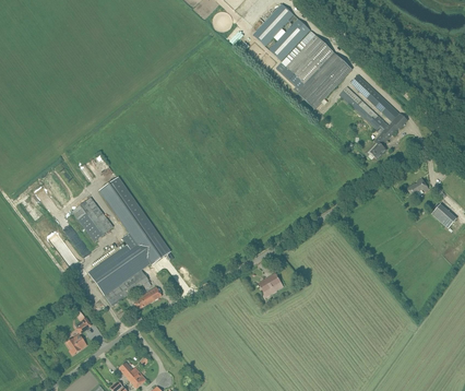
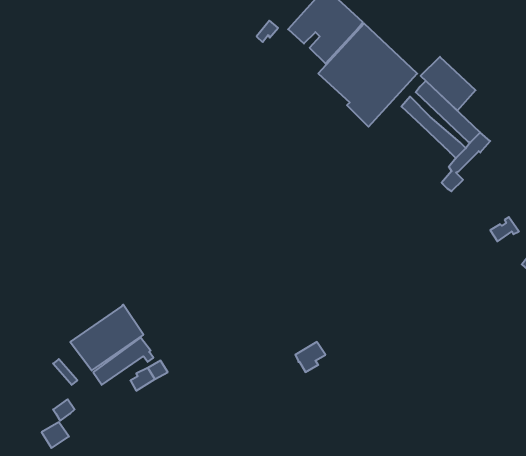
building: none -> [421,57,476,111]
building: [98,178,169,268] -> none
building: [71,198,112,241] -> none

